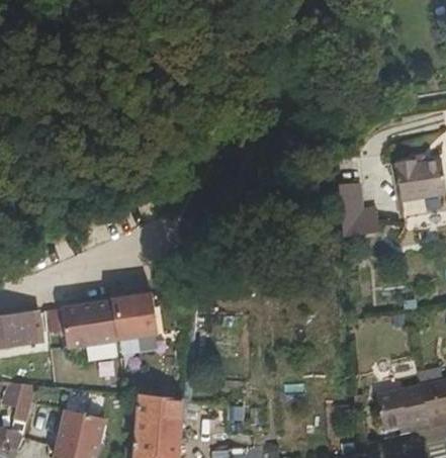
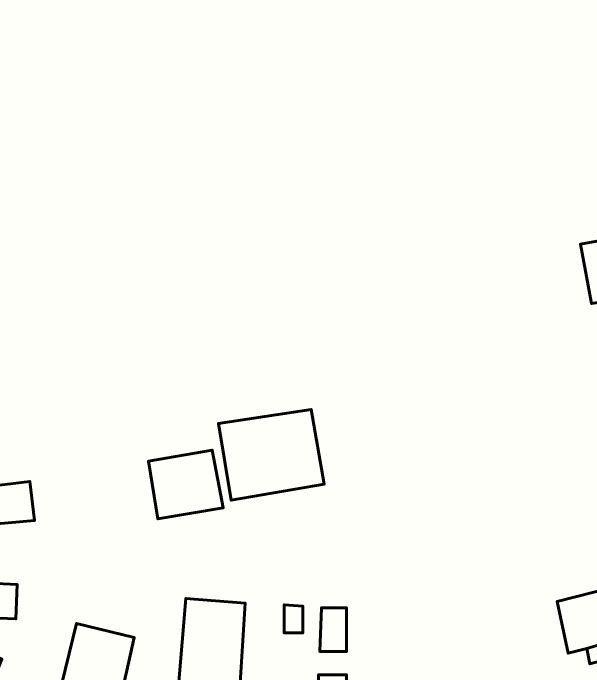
building: [338,183,381,236] -> none
building: none -> [218,409,324,500]
building: [62,302,119,349] -> none

